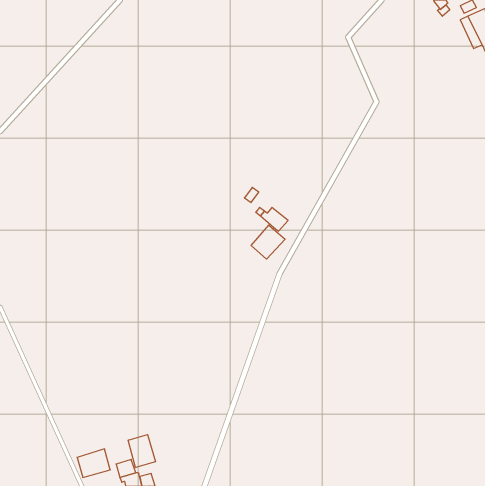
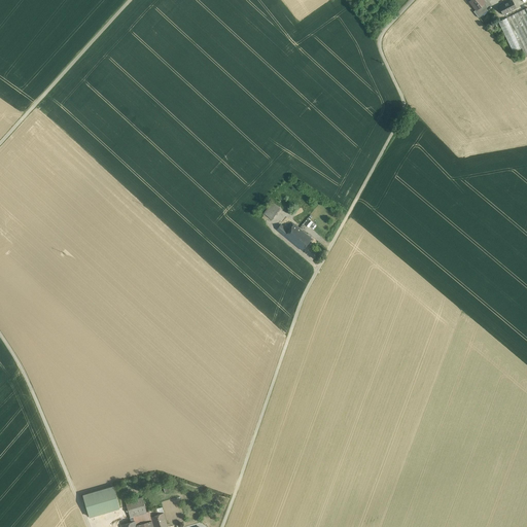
building: [251,225,285,259] -> none
building: [128,435,155,468] -> none

